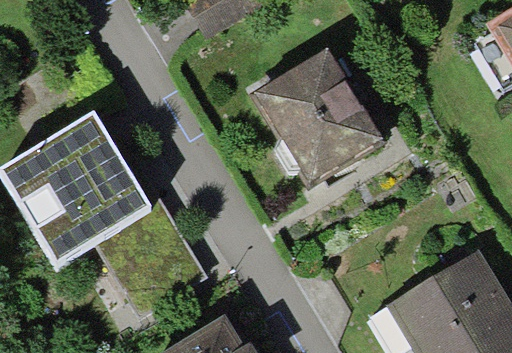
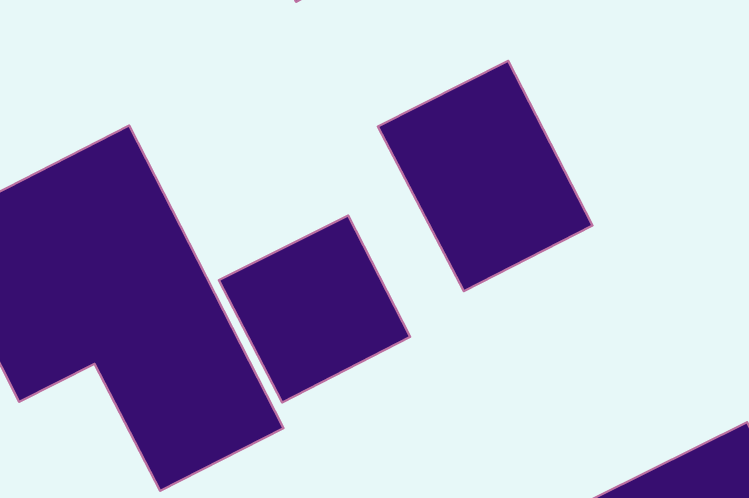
building: none -> [219,216,410,402]

